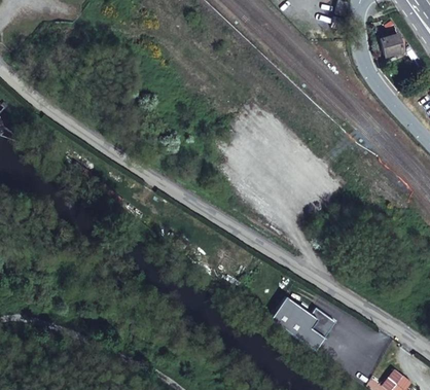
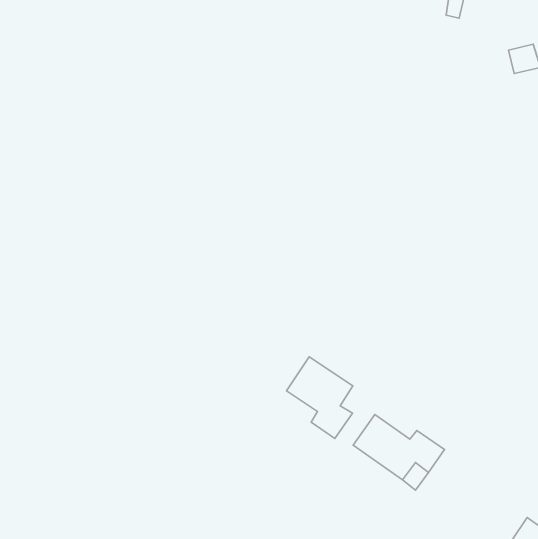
building: none -> [287,357,353,439]

